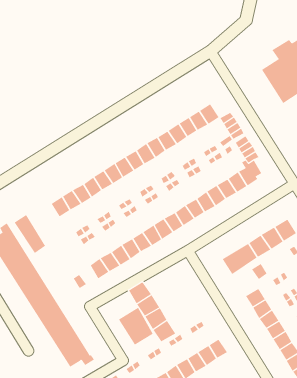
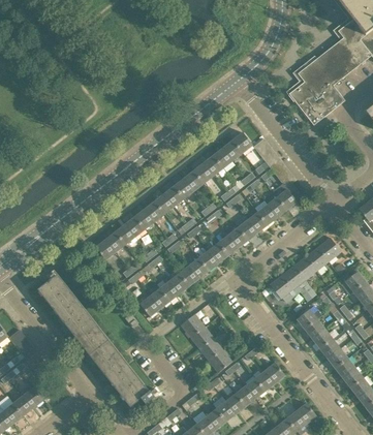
building: [14,214,46,254] -> none
building: [118,307,153,345] -> none

